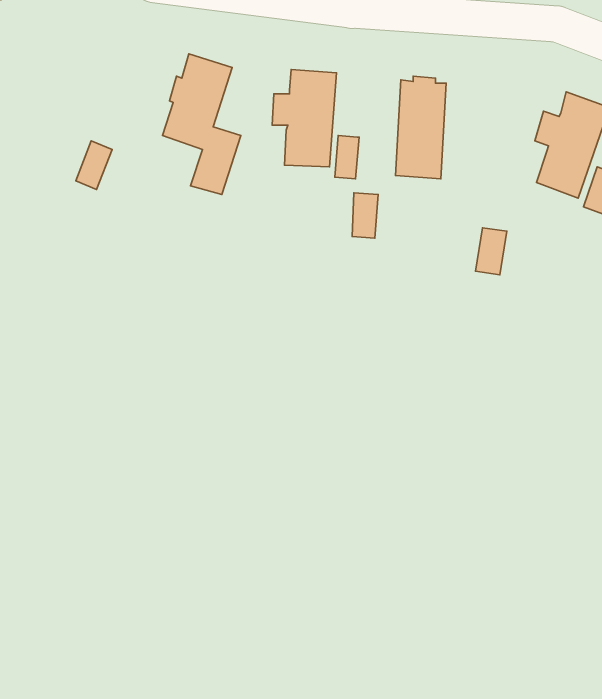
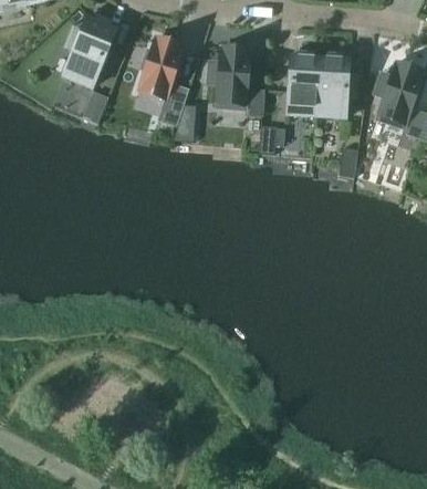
building: none -> [64,13,117,86]
building: none -> [316,52,350,116]
building: none -> [174,103,197,141]

